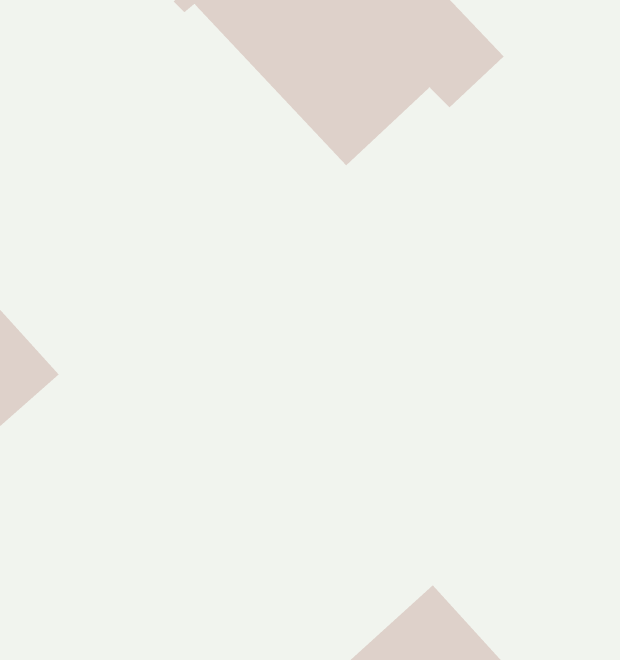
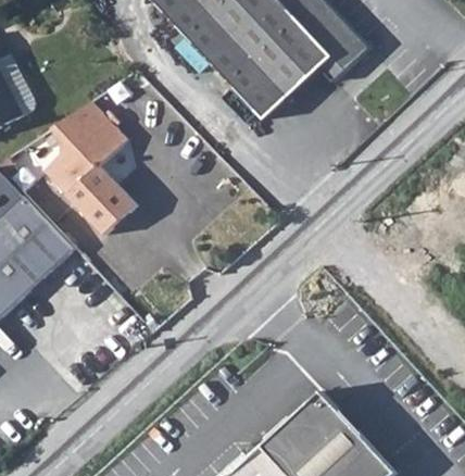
building: none -> [43,100,135,235]

